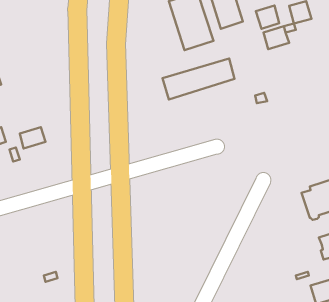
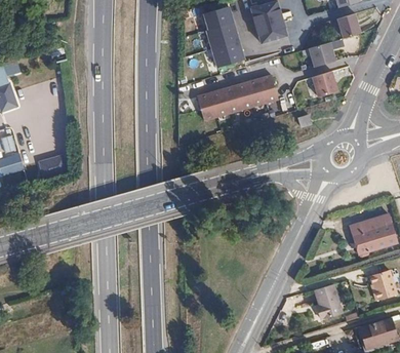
building: [256,6,279,29] -> [311,72,336,97]
building: none -> [313,284,342,320]

